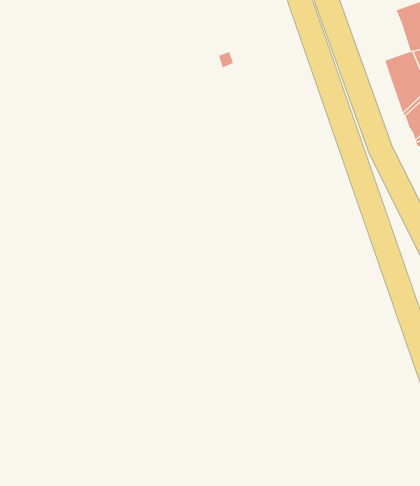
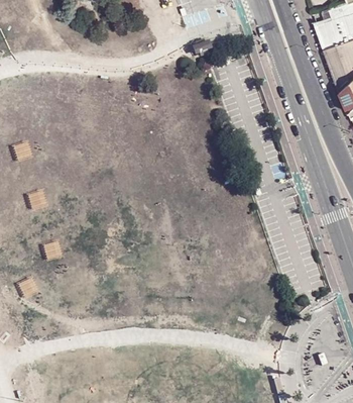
building: none -> [316,20,344,49]

